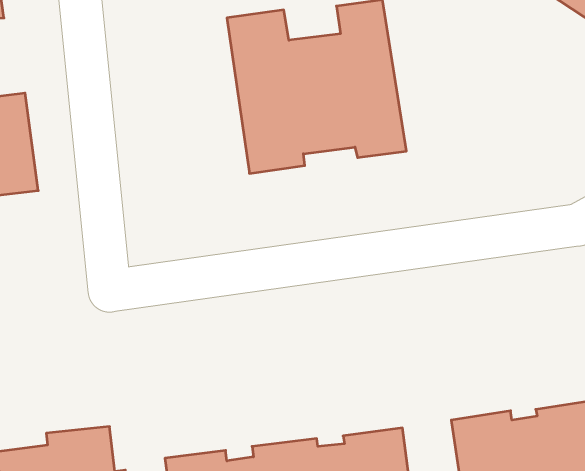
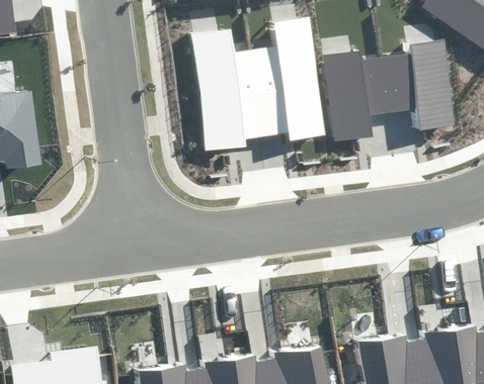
building: none -> [323,40,455,141]

